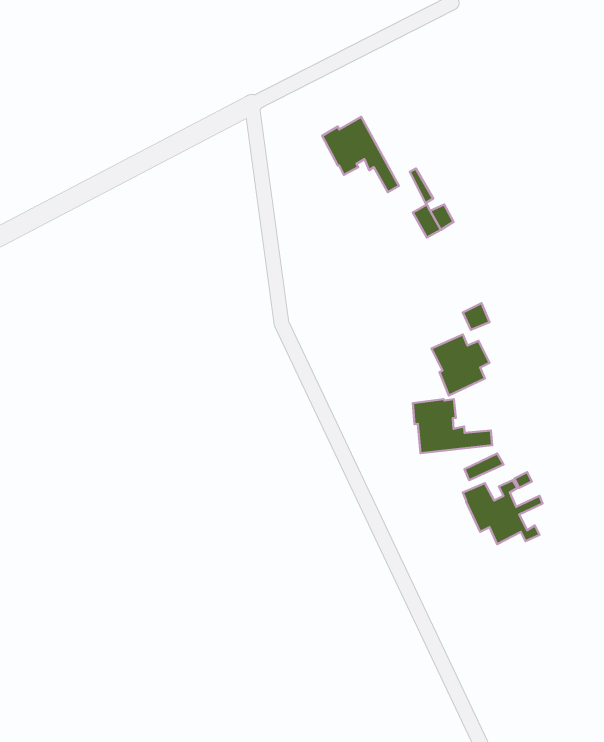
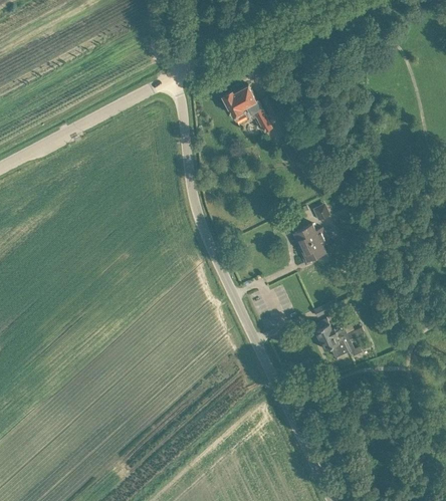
building: [413,399,492,453] -> none

